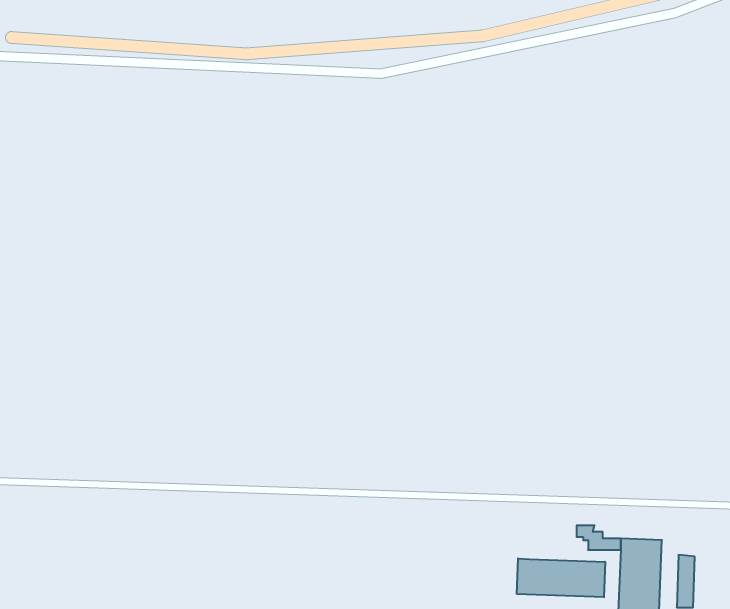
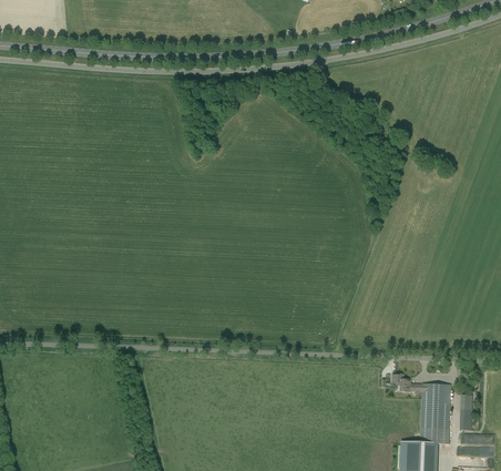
building: [517,558,605,597] -> none

